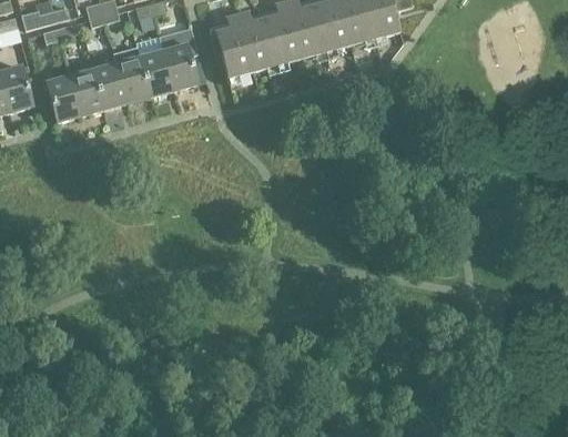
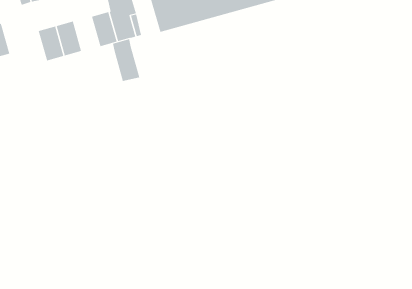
building: [112,47,149,103] -> [112,38,140,82]
building: [45,77,79,122] -> none

